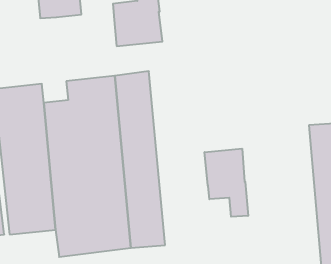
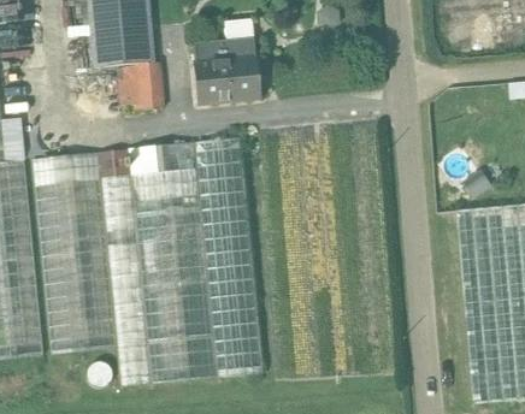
building: none -> [117,60,160,108]
building: [205,149,248,217] -> none

